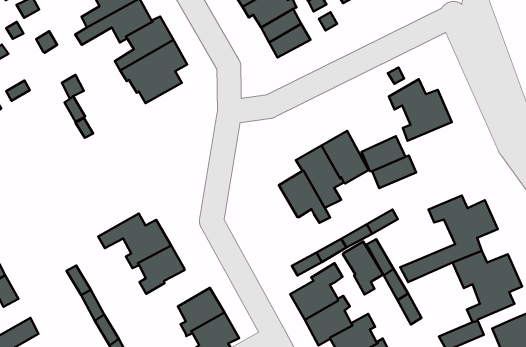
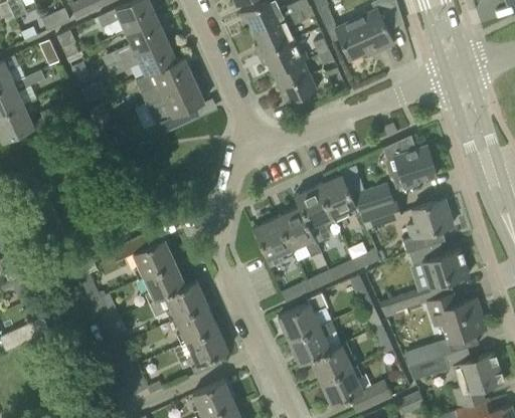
building: none -> [402,199,453,253]
building: none -> [252,218,294,265]
building: [343,242,383,294] -> none
building: none -> [166,280,206,323]

